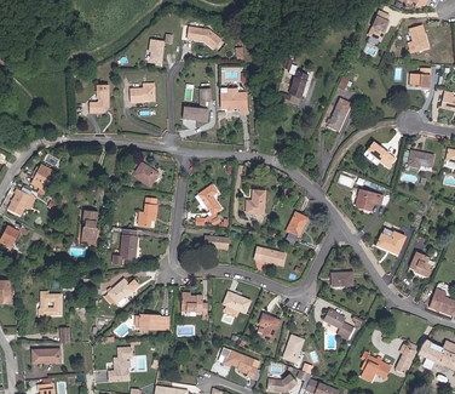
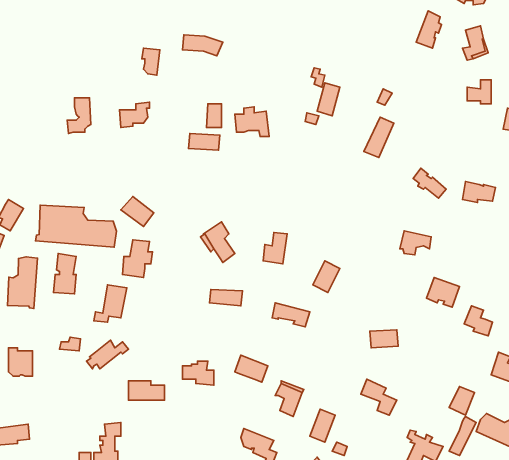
building: none -> [35,205,116,247]
building: none -> [7,257,38,309]

